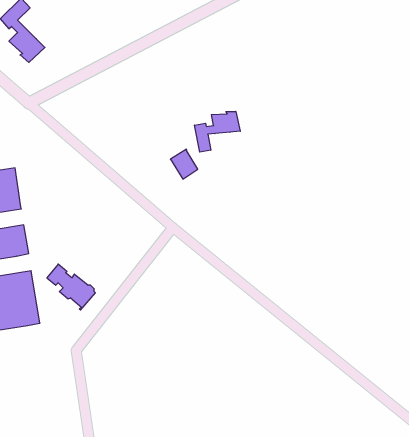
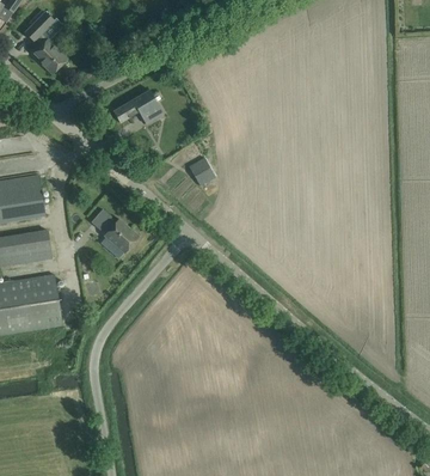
building: none -> [113,89,164,123]
building: [195,111,240,152] -> none
building: [47,264,95,310] -> [92,208,139,252]

